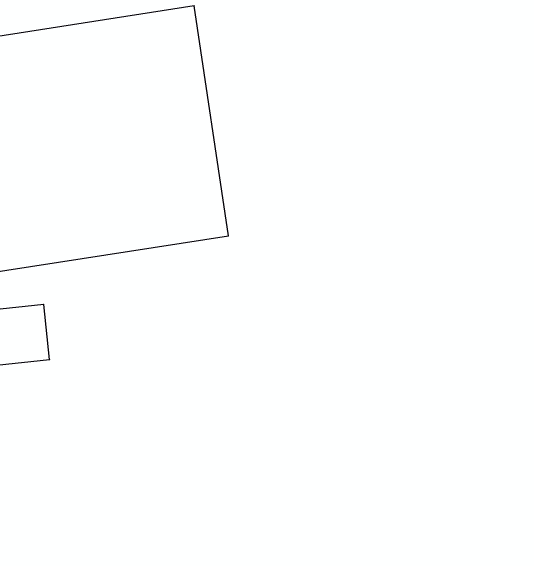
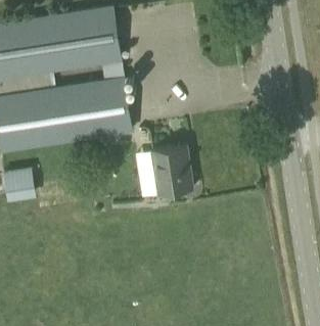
building: none -> [135,145,192,198]

